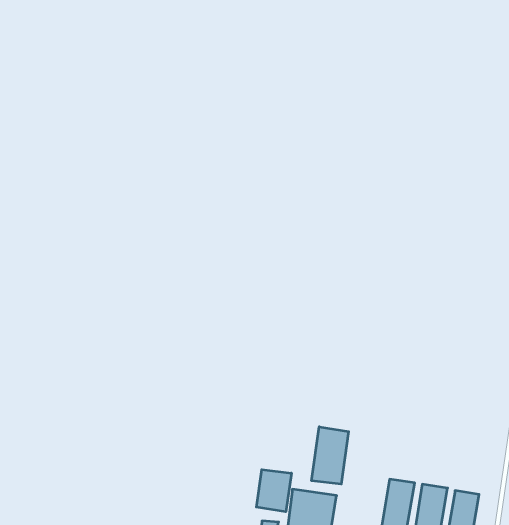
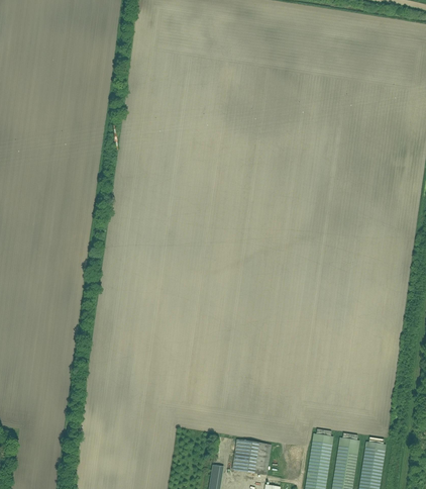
building: [312,427,349,484] -> none
building: [256,470,291,512] -> none

